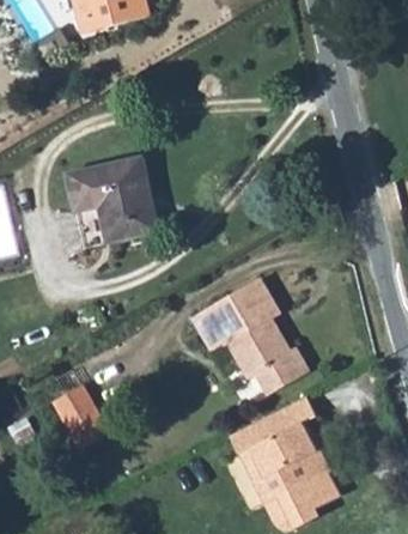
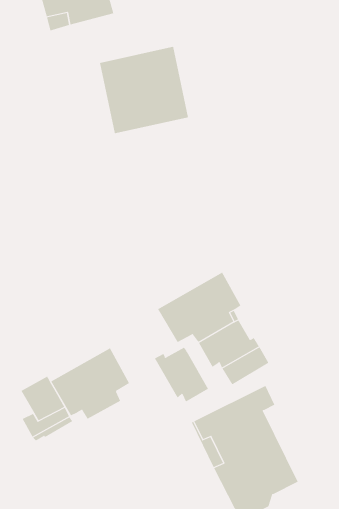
building: [67,157,159,247] -> [99,46,189,134]
building: none -> [154,347,209,403]
building: none -> [51,348,130,420]

